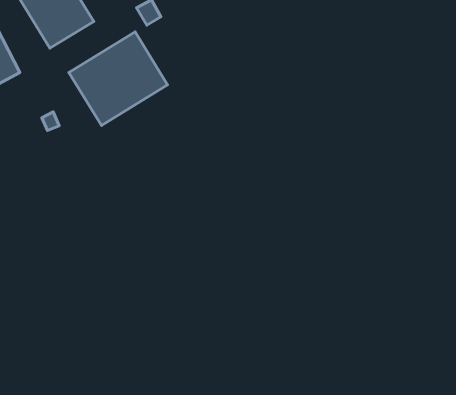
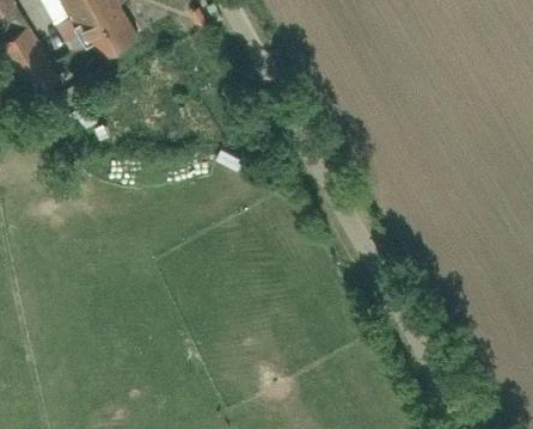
building: [69,32,168,125] -> none

